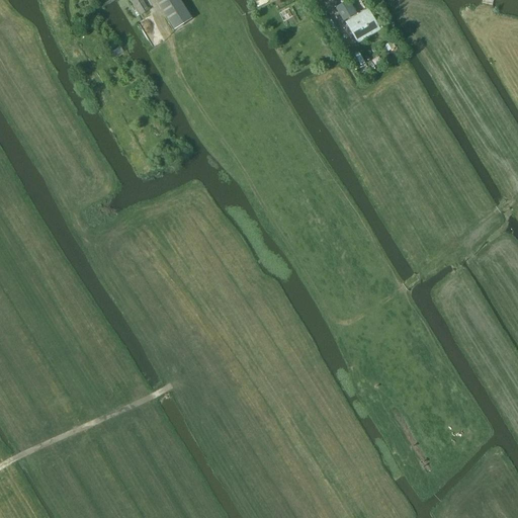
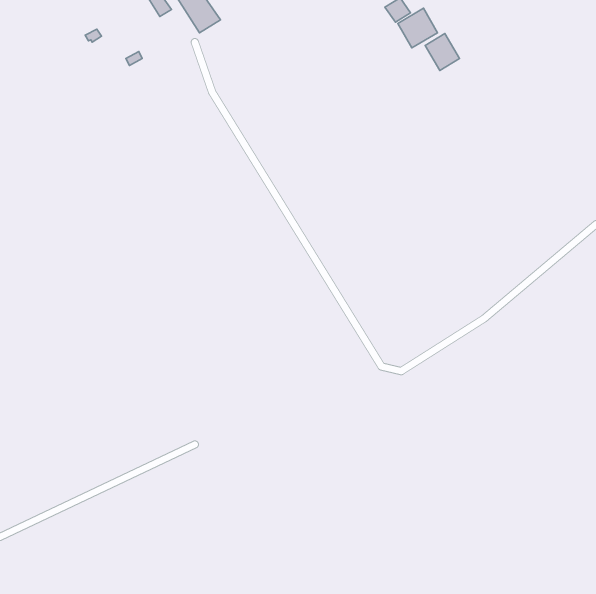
building: none -> [425,34,459,70]

